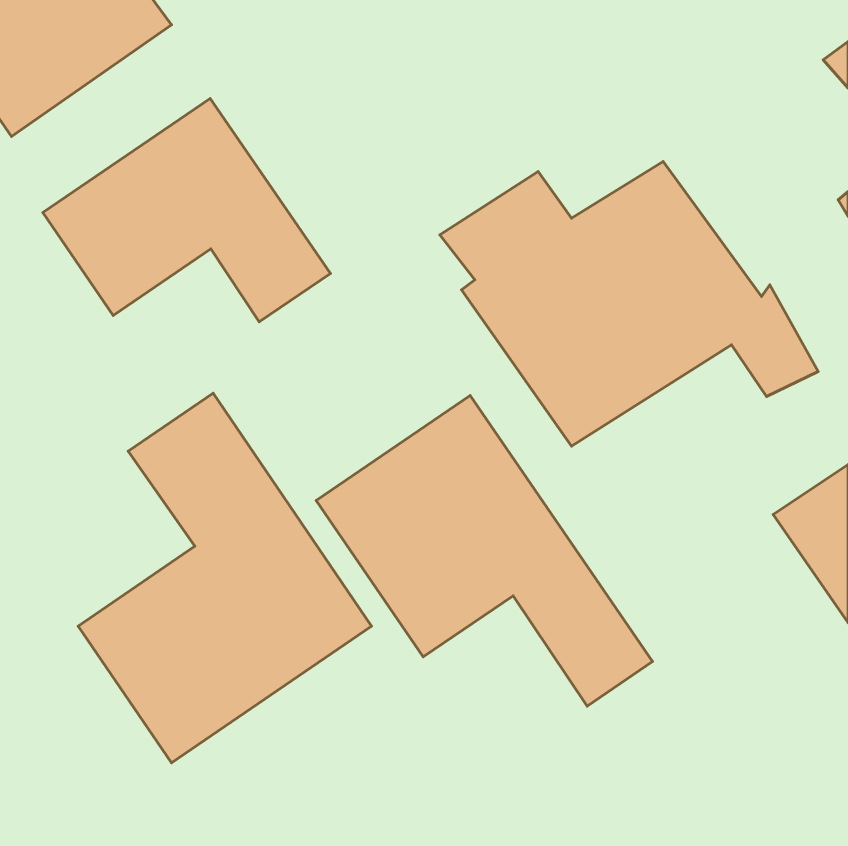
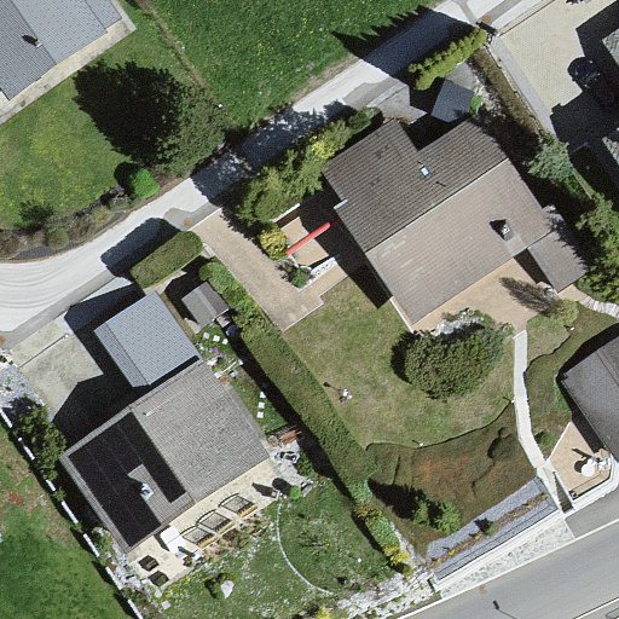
building: [43,98,330,322] -> none
building: [316,396,653,706] -> none

